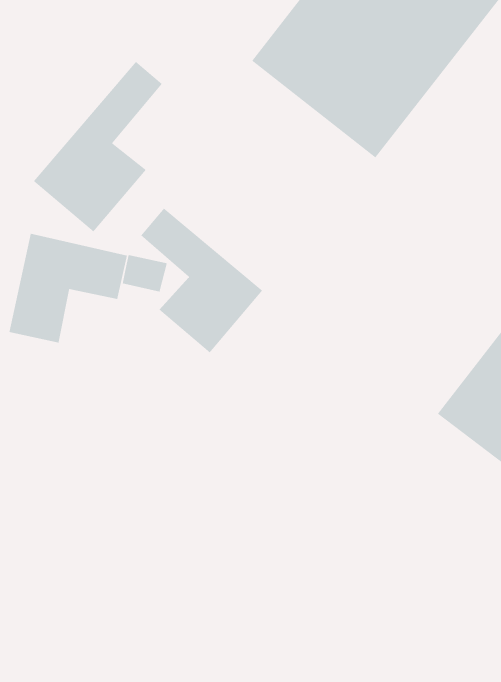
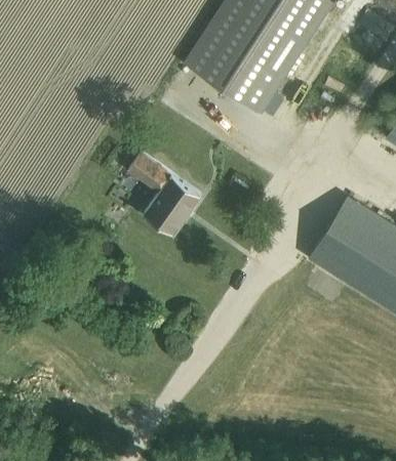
building: [33,61,163,233] -> none
building: [8,233,128,344] -> none

